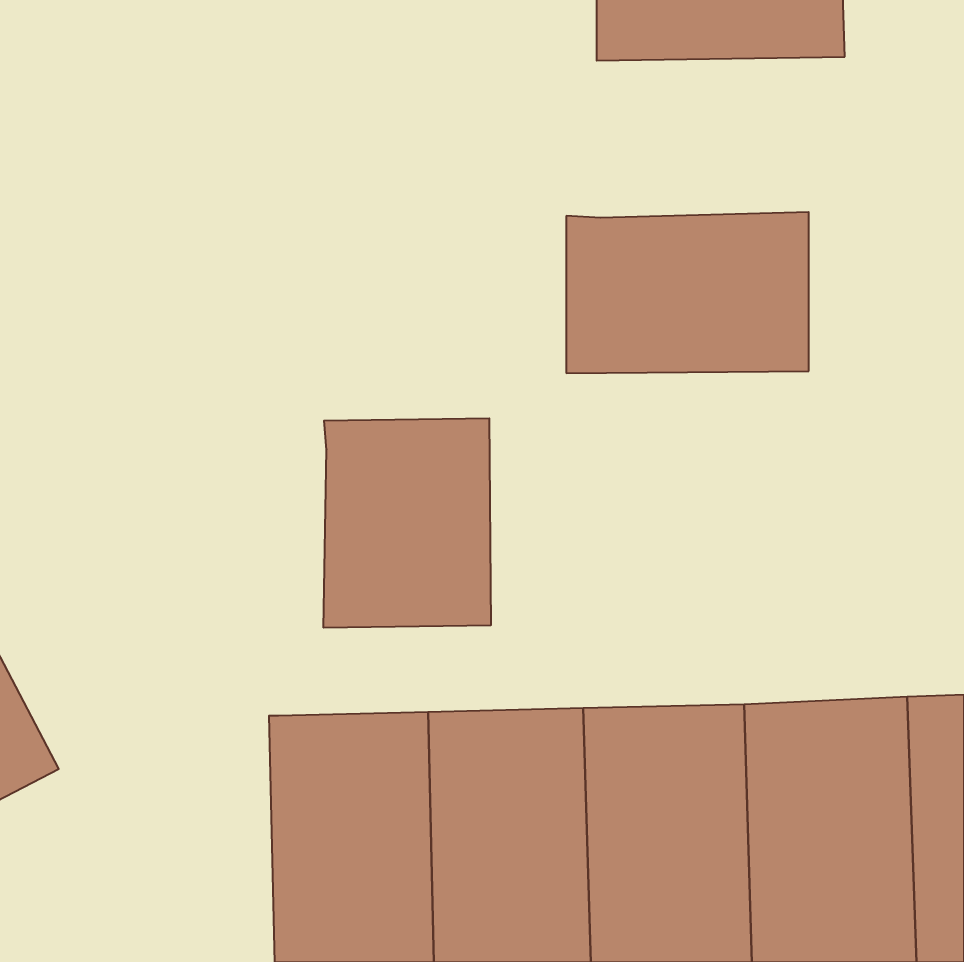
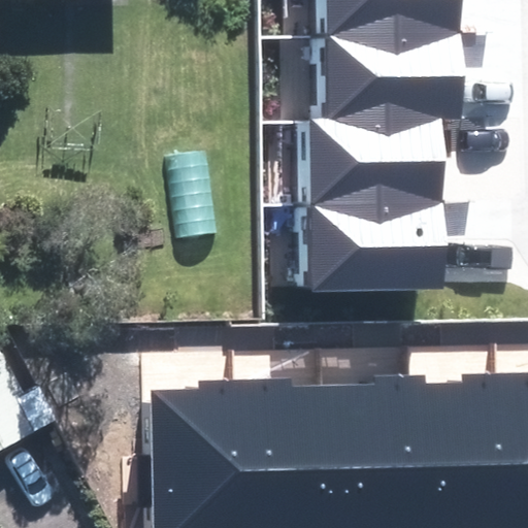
building: none -> [325,31,461,119]
building: none -> [308,202,440,289]
building: [324,418,491,628] -> none

